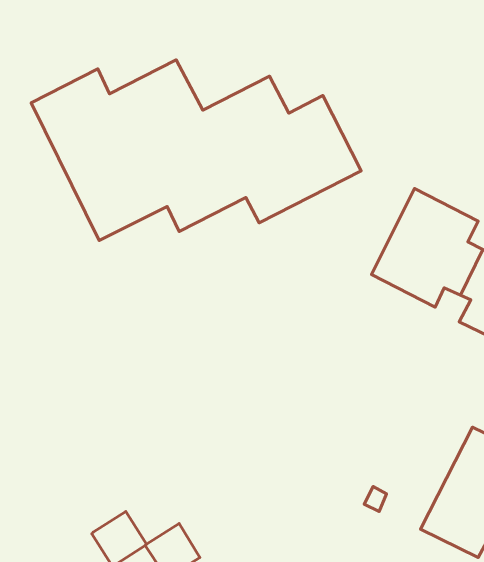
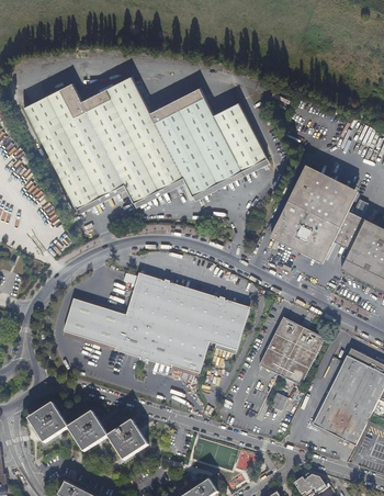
building: none -> [63,272,249,373]
building: none -> [259,316,324,385]
building: none -> [29,402,69,443]

